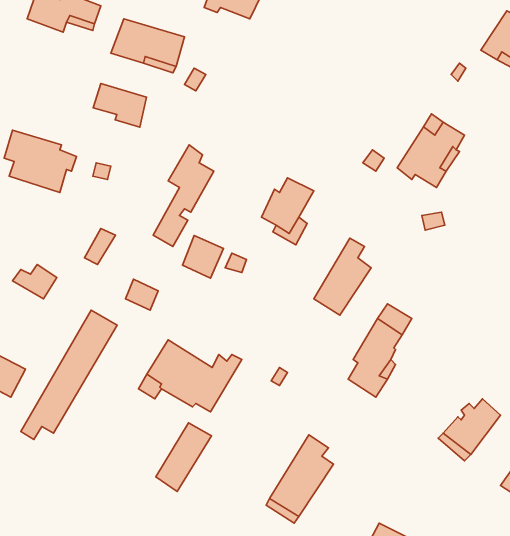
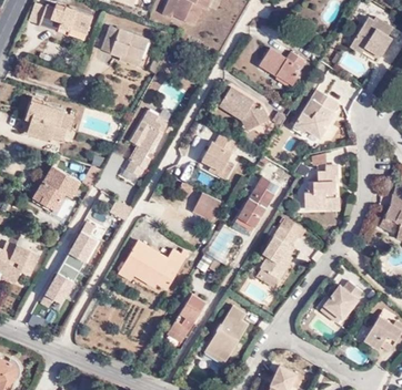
building: none -> [259,48,304,81]
building: [93,84,147,127] -> none
building: none -> [221,85,268,125]
building: none -> [305,164,340,206]
building: none -> [38,170,80,198]
building: [183,236,223,278] -> [193,191,221,219]
building: [156,423,212,492] -> [169,294,207,340]

